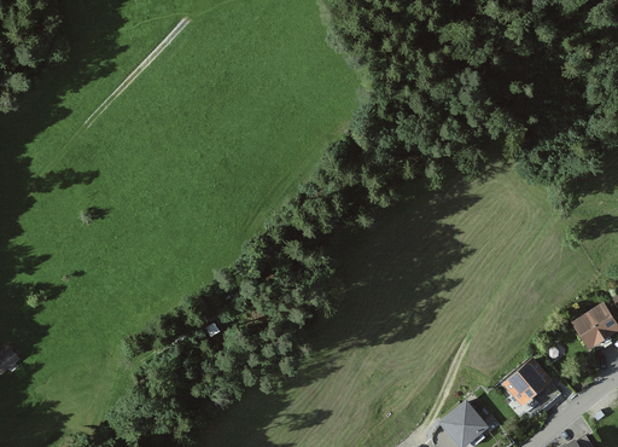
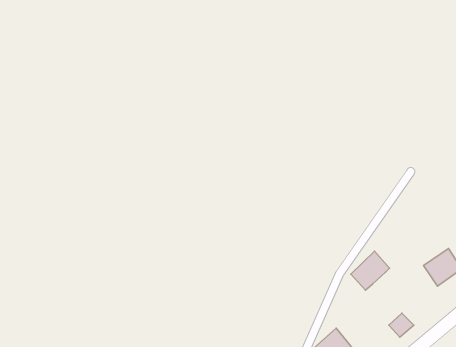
building: [503,356,550,404] -> [351,251,390,290]

